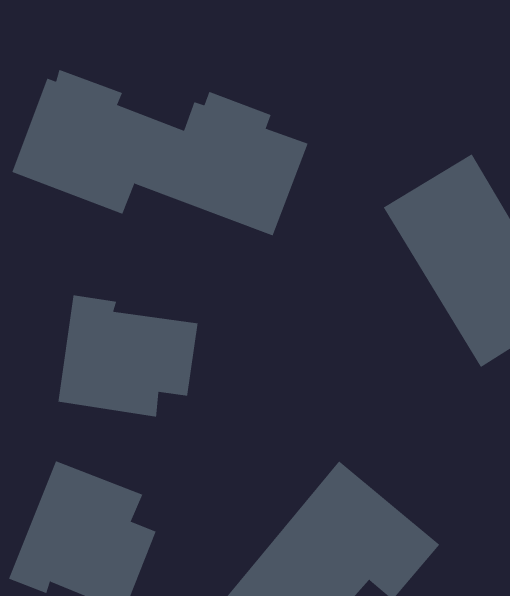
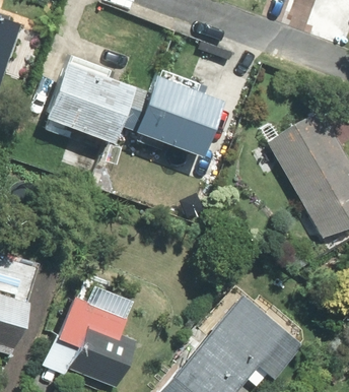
building: [58,295,198,418] -> none

